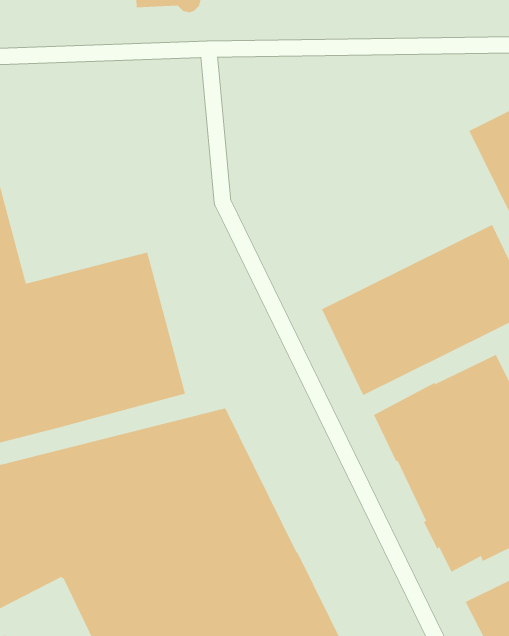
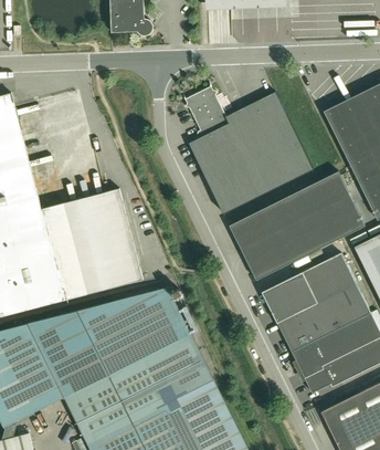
building: none -> [186,87,313,212]

